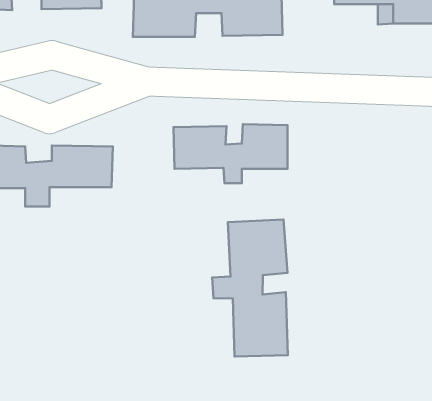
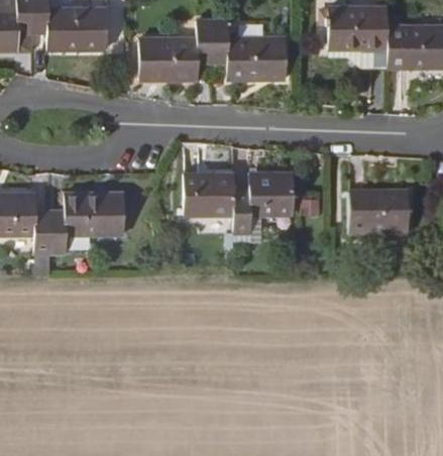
building: none -> [349,188,409,232]
building: [212,220,288,356] -> none

